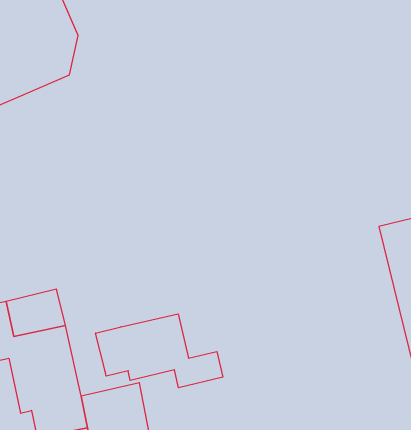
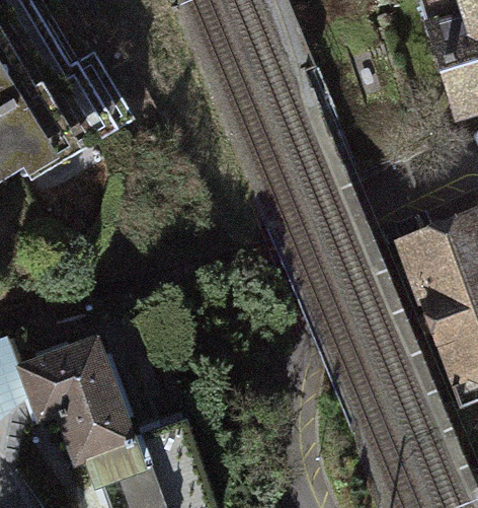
building: [96,314,223,388] -> none

